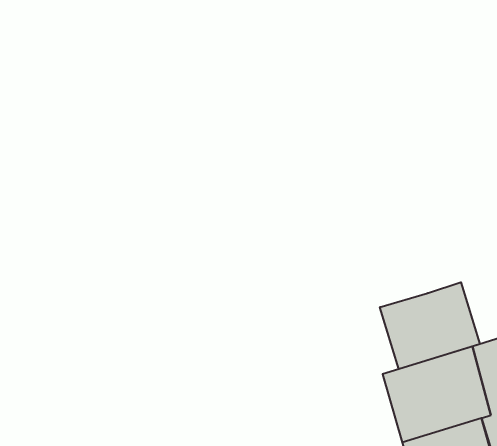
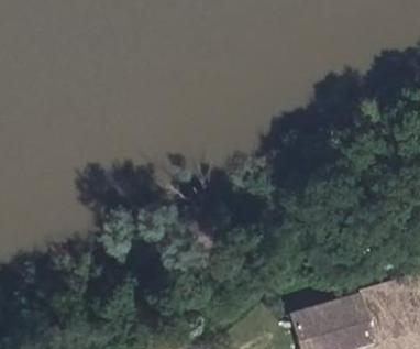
building: [380,282,480,369] -> none

